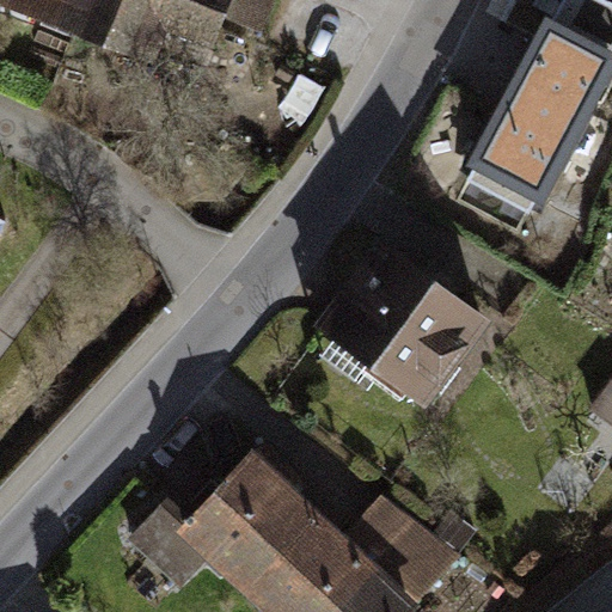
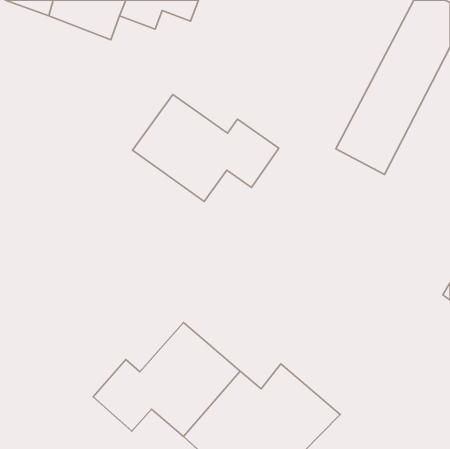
building: none -> [132,94,279,202]
building: [311,237,490,410] -> none

